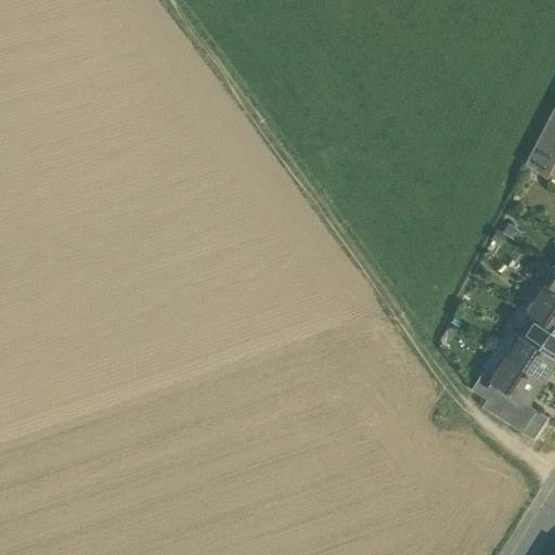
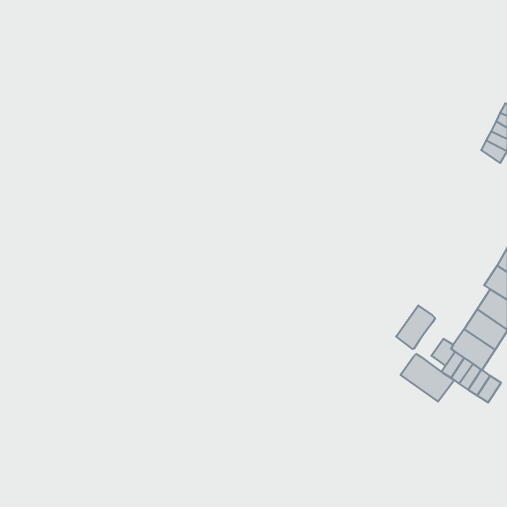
building: none -> [396,305,435,349]
building: none -> [401,354,454,402]

